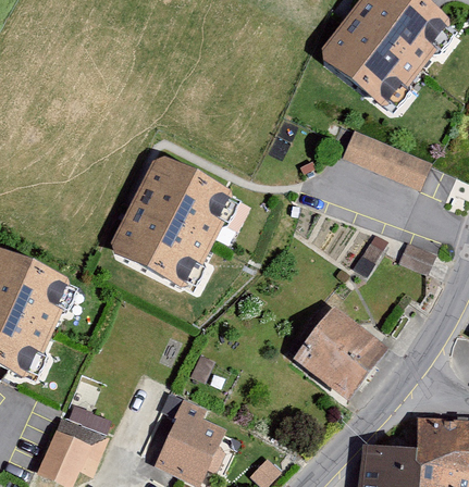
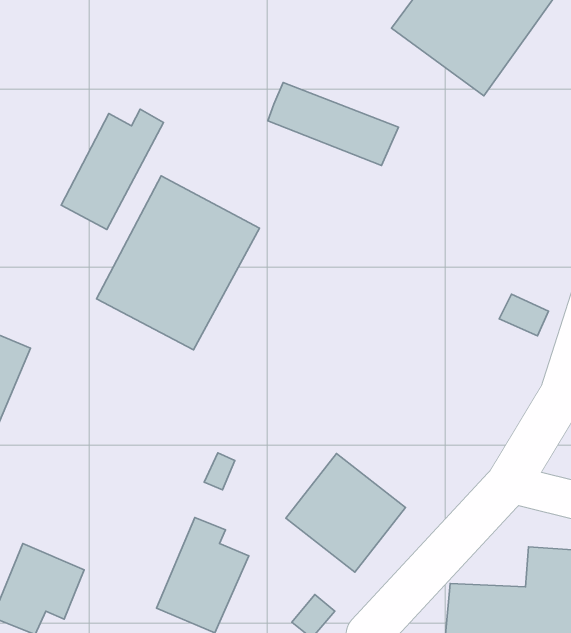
building: none -> [61,109,164,230]
building: [338,129,431,188] -> [268,82,398,166]
building: [297,311,382,395] -> [286,454,406,572]

